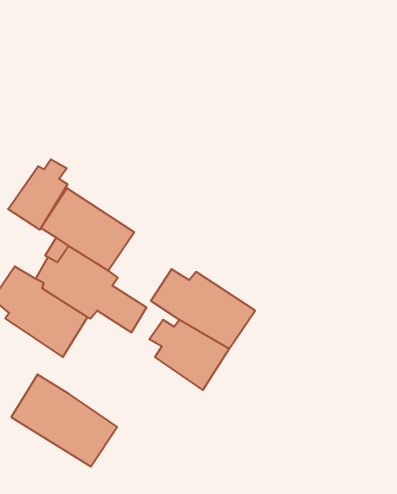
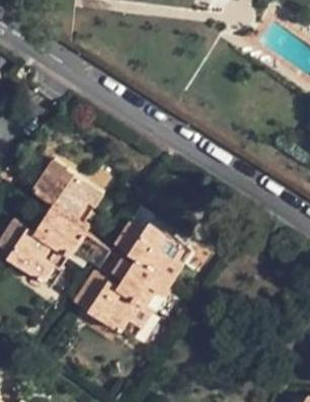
building: [8,159,67,230] -> none
building: [11,374,117,467] -> [75,270,153,338]

